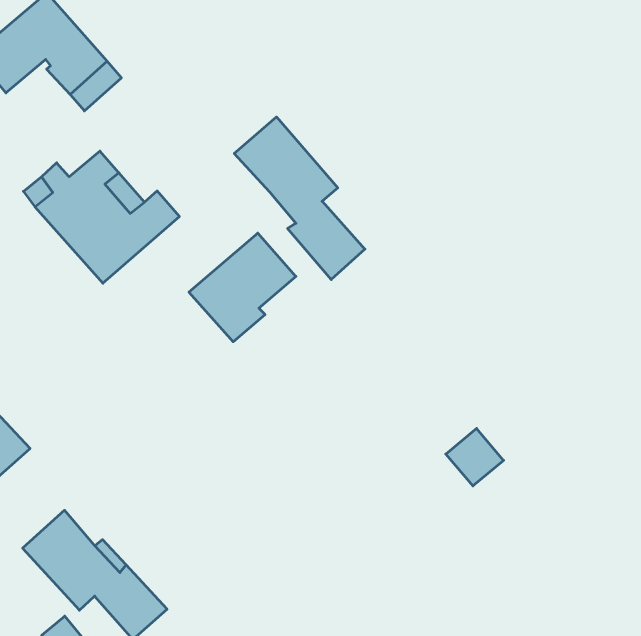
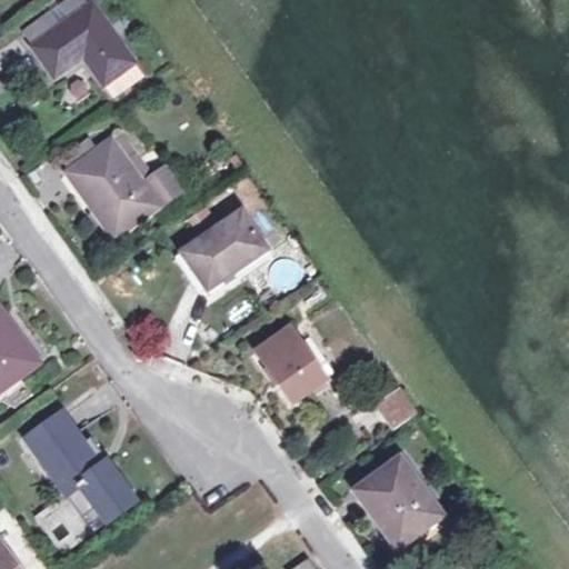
building: [234,117,365,280] -> none
building: none -> [257,325,325,399]
building: none -> [357,458,442,541]

